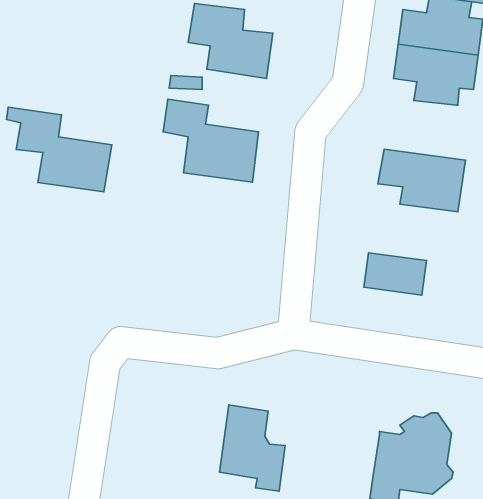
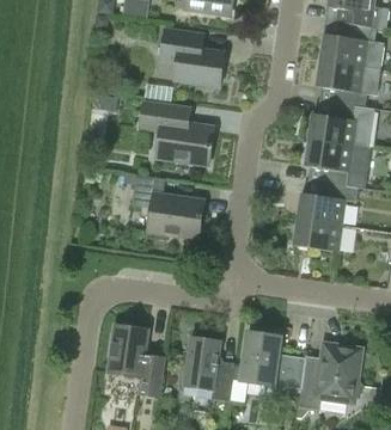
building: none -> [308,104,374,149]
building: [7,107,112,192] -> [123,173,203,238]
building: none -> [297,183,358,226]
building: none -> [106,322,165,397]
building: none -> [242,327,305,393]

